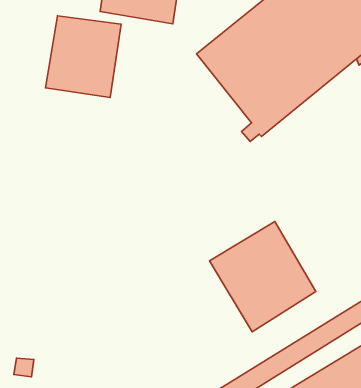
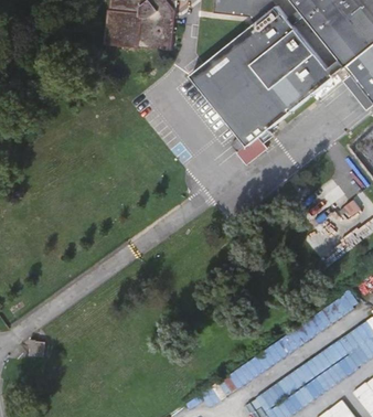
building: [46,16,121,98] -> none
building: [210,221,316,332] -> none

